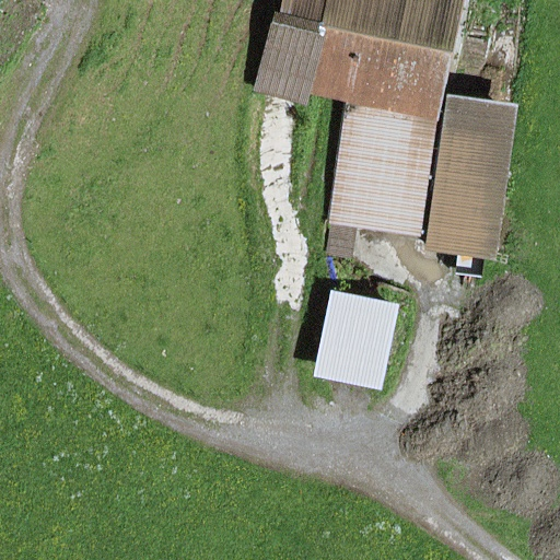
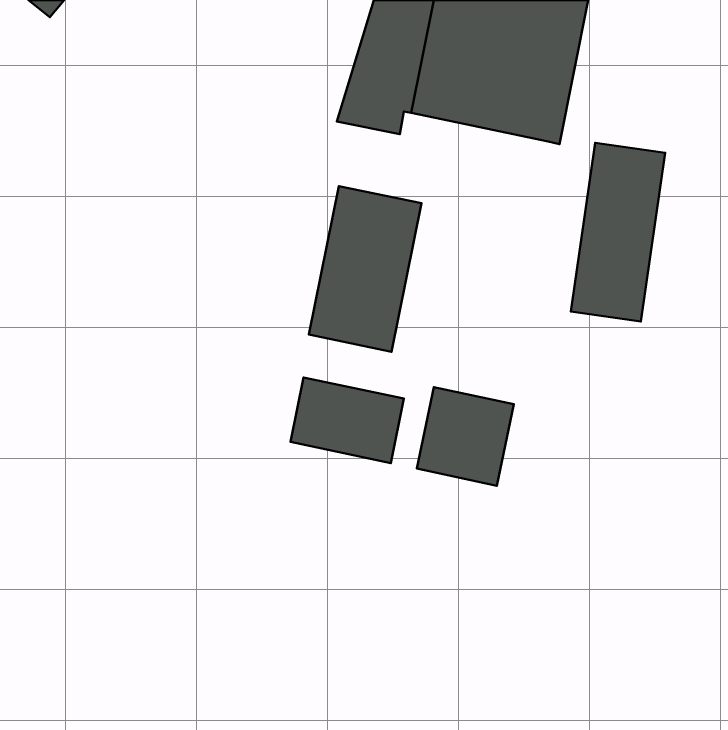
building: [334,95,420,222] -> [309,186,422,352]
building: none -> [290,377,404,463]

